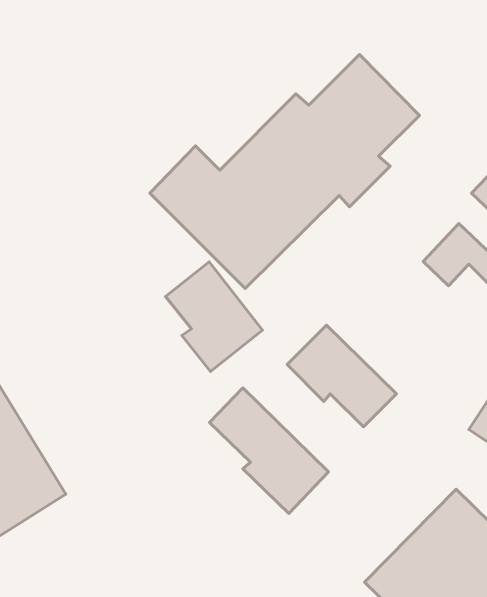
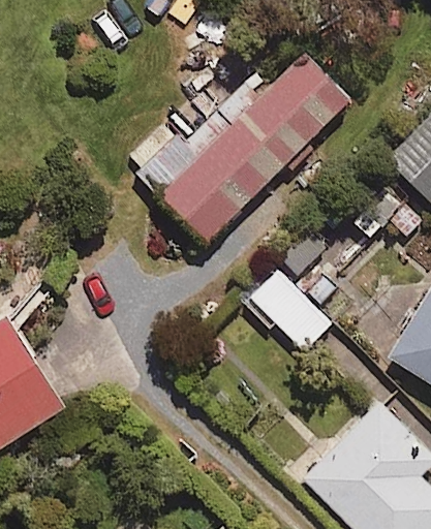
building: [166,262,263,371] -> none
building: [209,388,329,513] -> none

